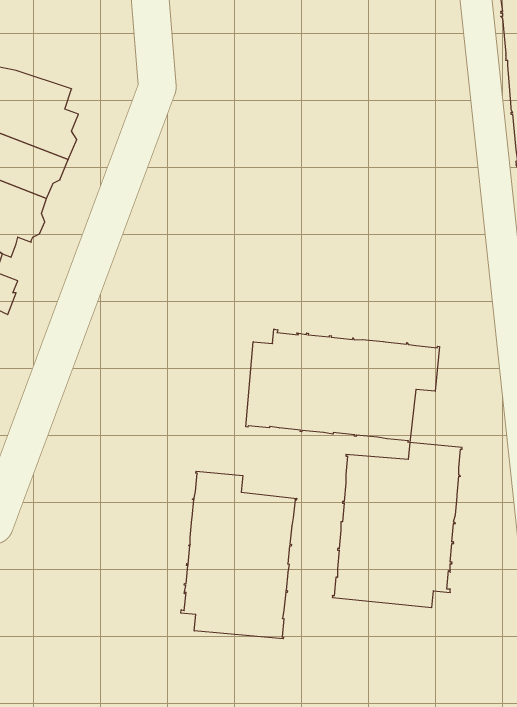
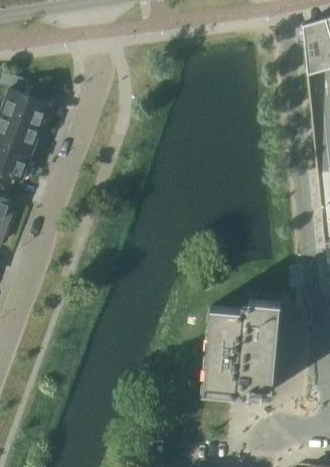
building: [246,329,439,443] -> none
building: [181,471,297,639] -> none

